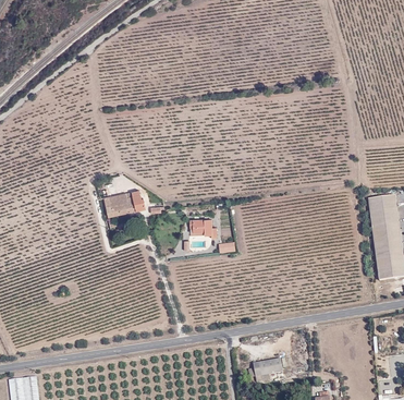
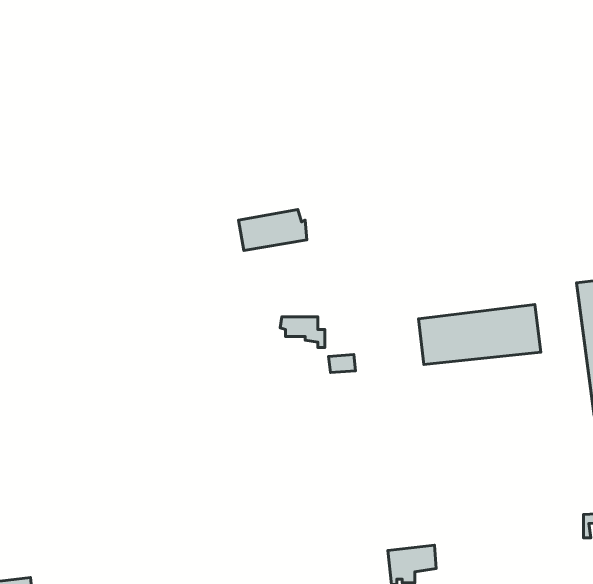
building: [103,190,145,215] -> [239,209,307,251]
building: none -> [418,305,541,364]

